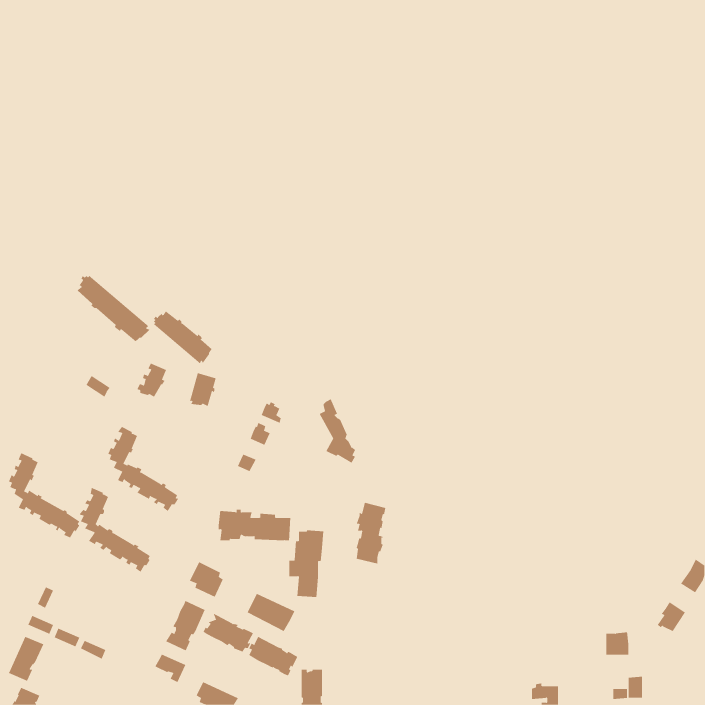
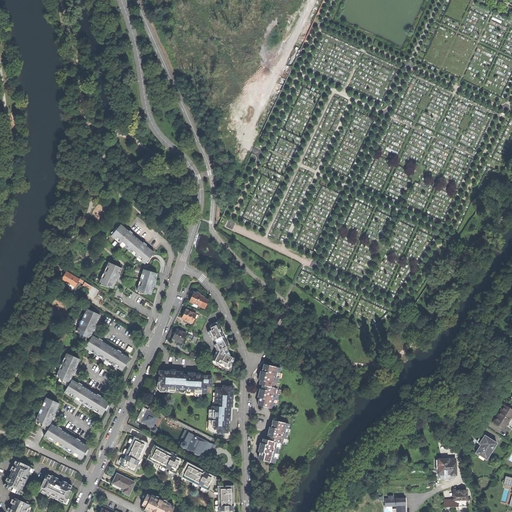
building: [77,275,150,342] -> none
building: [319,399,356,463] -> [207,321,234,368]
building: [8,453,80,538] -> [37,397,89,459]
building: none -> [258,420,289,464]
building: none -> [39,475,73,501]

